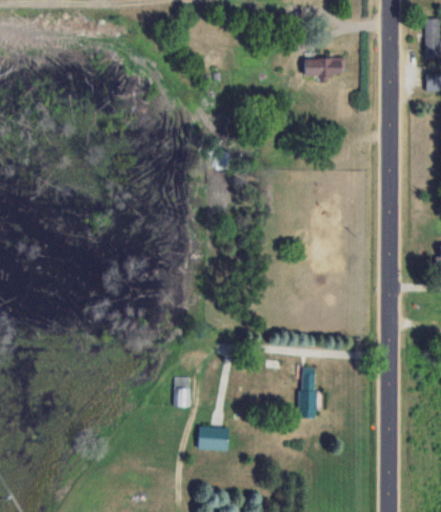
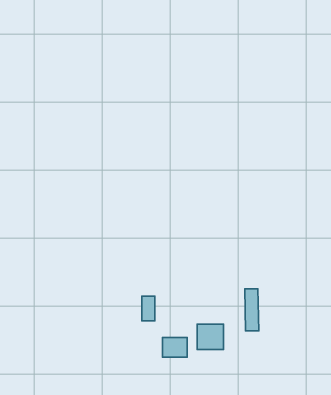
building: [304,58,341,76] -> none
building: none -> [197,324,224,350]

